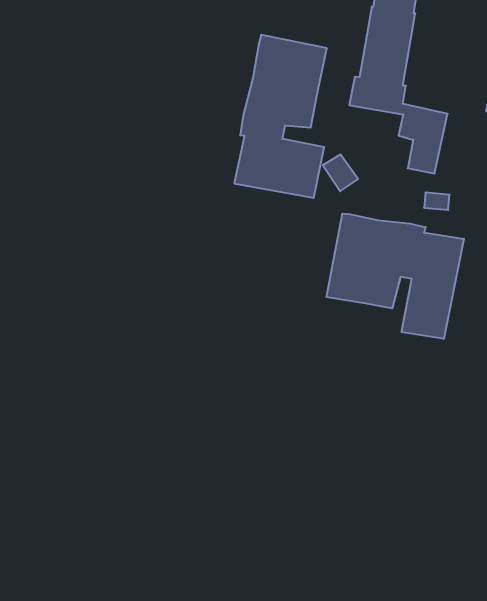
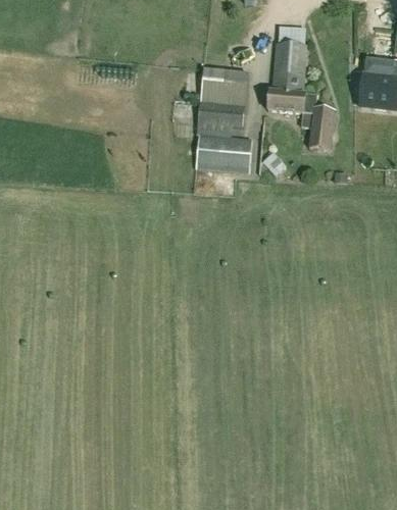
building: [327,214,464,339] -> none

